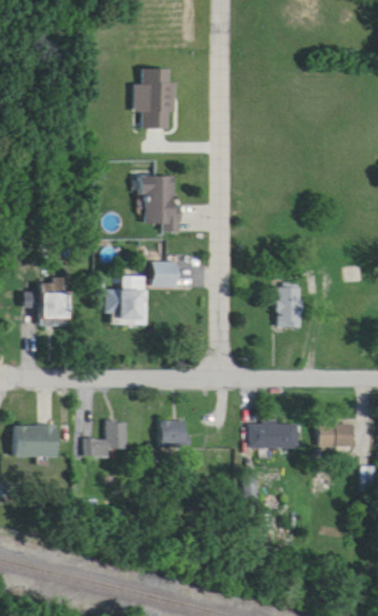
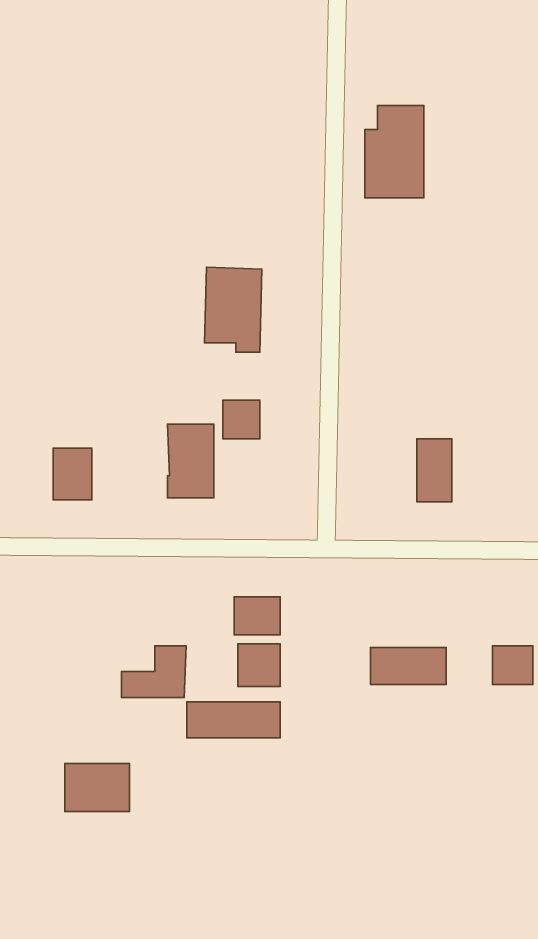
building: [134,67,172,128] -> [365,106,424,198]
building: none -> [234,597,280,635]
building: [16,425,58,456] -> [65,763,129,811]
building: none -> [187,702,280,738]

